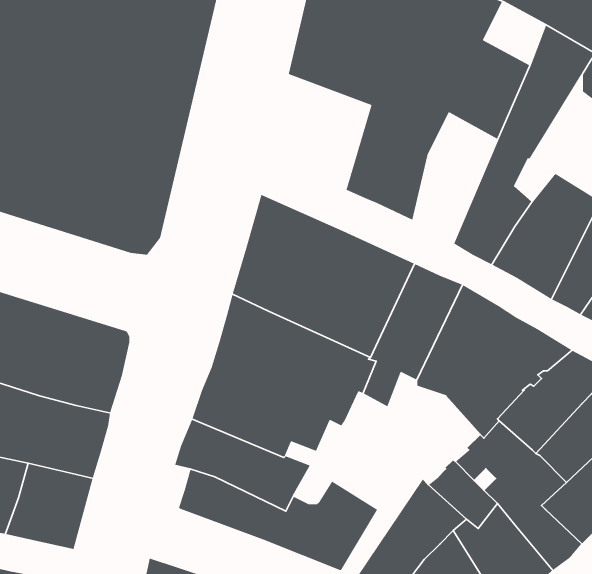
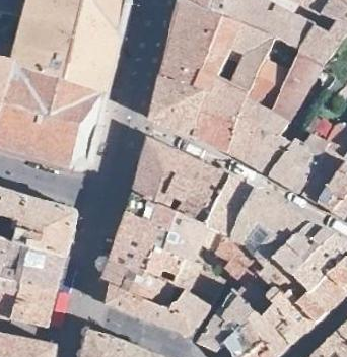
building: none -> [151,75,205,136]
building: none -> [227,95,272,164]
building: none -> [214,232,263,283]
building: none -> [172,258,222,304]

